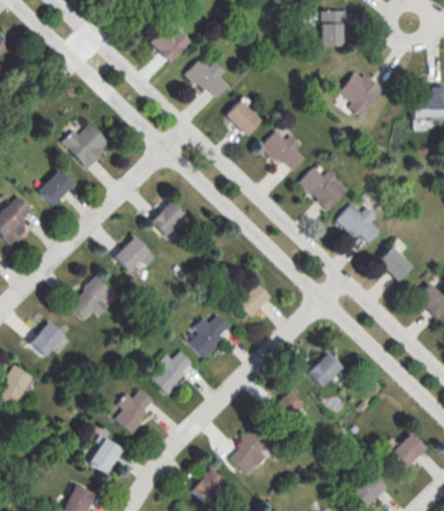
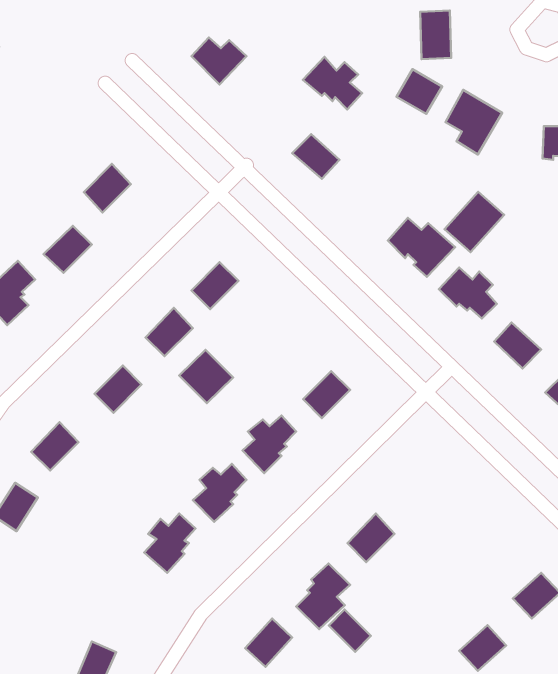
building: none -> [397,69,442,114]
building: [185,60,230,99] -> [303,57,362,109]
building: [261,134,305,172] -> none
building: none -> [445,192,504,252]
building: none -> [179,350,233,403]
building: [305,351,342,387] -> none
building: [88,436,122,473] -> none
building: none -> [329,610,371,652]

